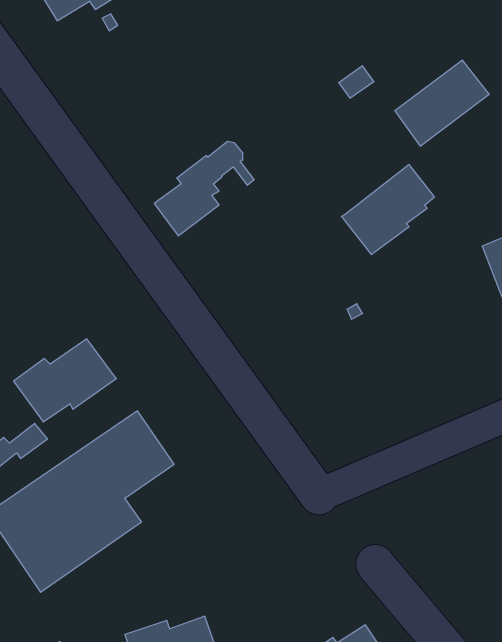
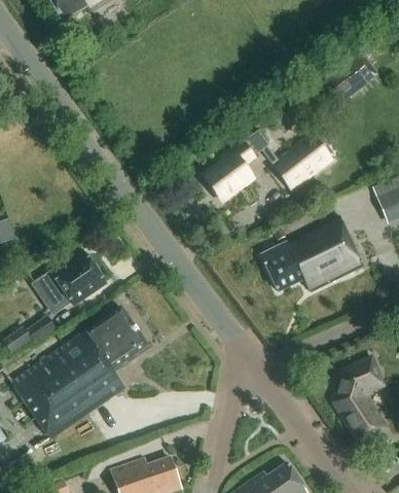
building: [154,142,254,236] -> [204,132,277,201]
building: none -> [260,219,359,290]
building: none -> [334,360,382,441]

